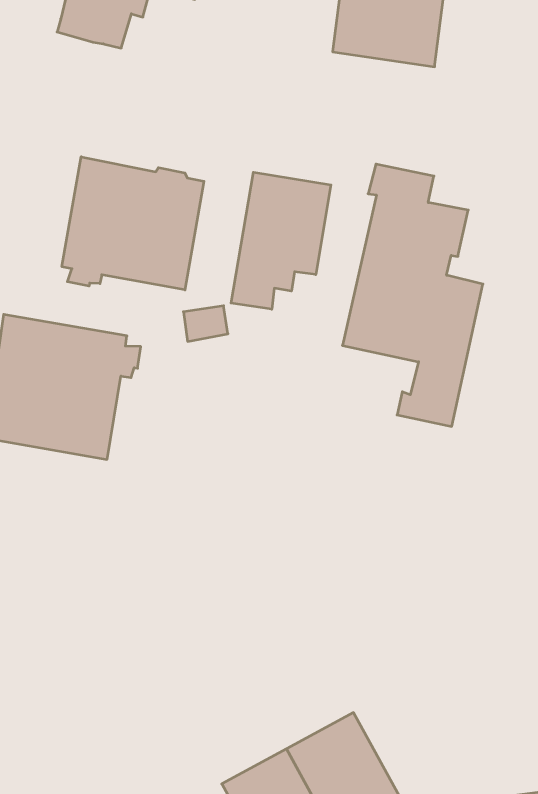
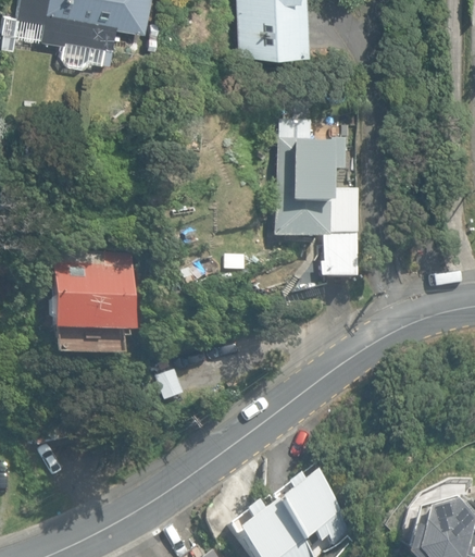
building: [62,157,204,290] -> none
building: [231,172,331,309] -> none

